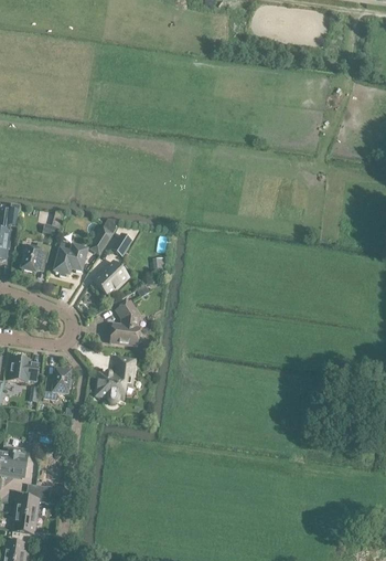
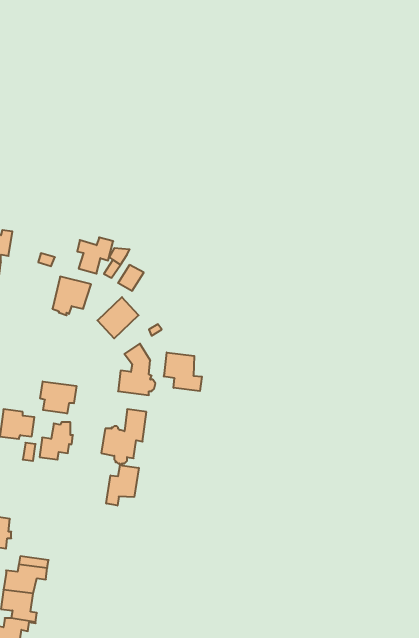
building: [20,242,51,273] -> [77,237,113,274]
building: none -> [164,352,202,391]
building: none -> [40,381,76,414]
building: none -> [106,465,139,506]

